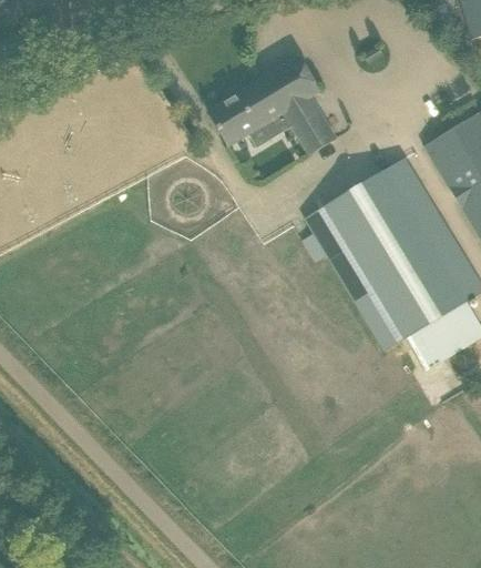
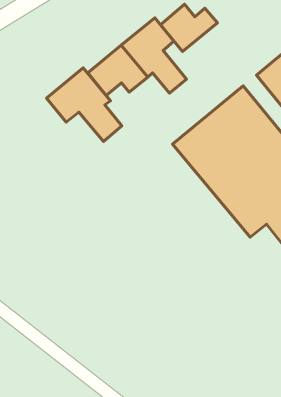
building: none -> [160,4,217,51]
building: none -> [46,68,122,142]

